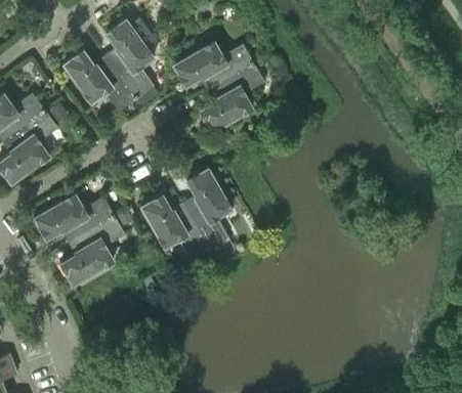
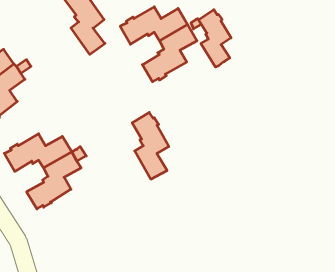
building: none -> [198,10,231,67]
building: [64,50,136,113] -> none
building: [141,194,210,260] -> none

